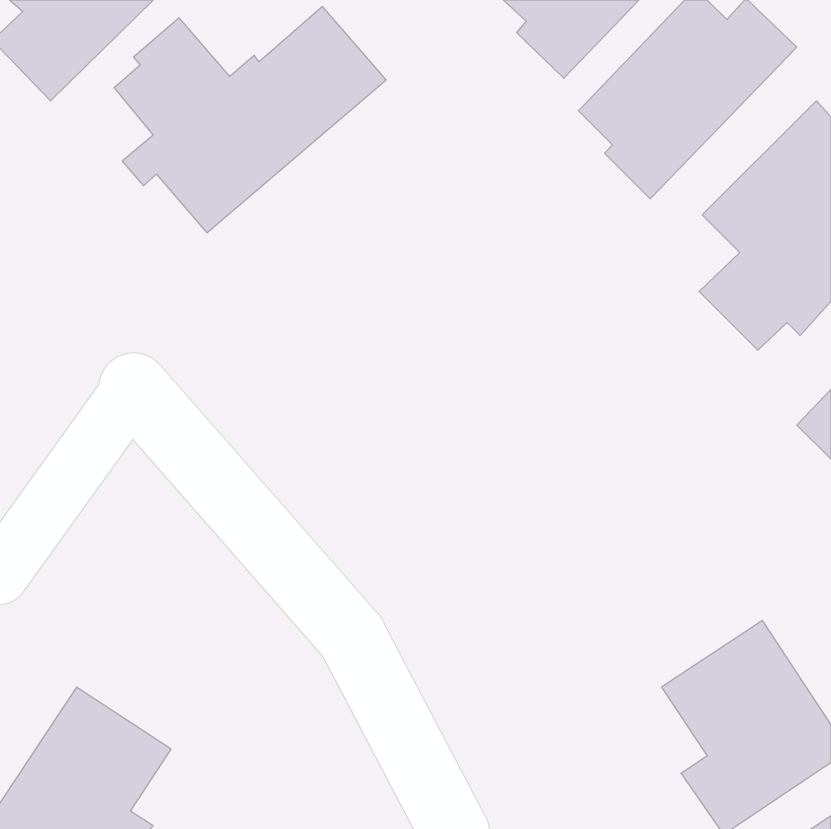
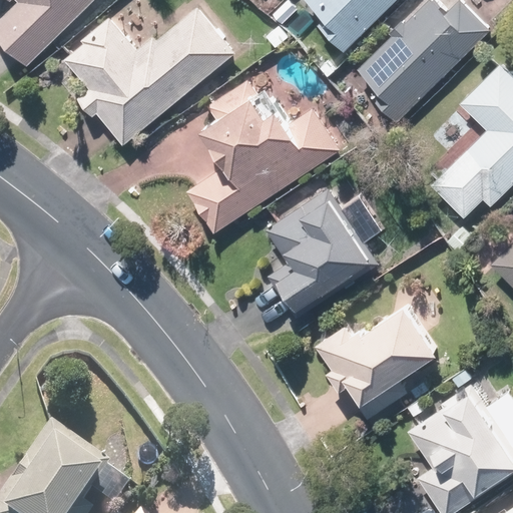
building: none -> [184,75,340,235]
building: none -> [256,191,379,321]
building: none -> [319,302,440,421]

